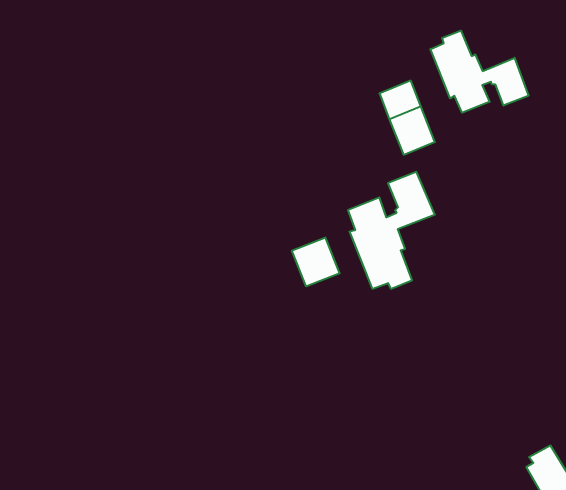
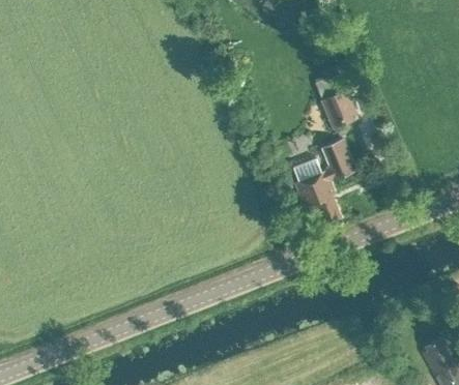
building: [430,31,529,113] -> none
building: [292,237,340,286] -> none

